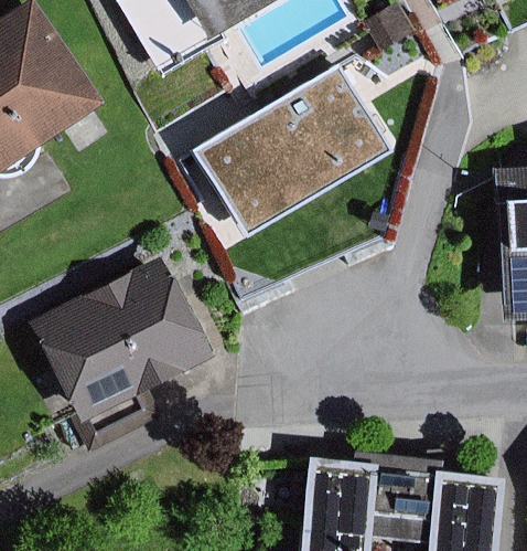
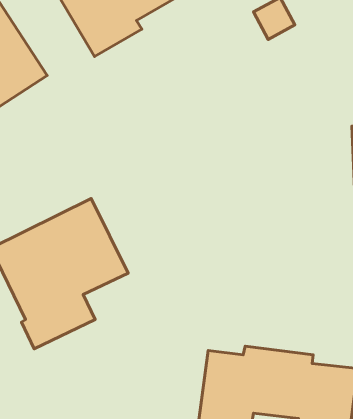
building: [193,76,396,254] -> none

